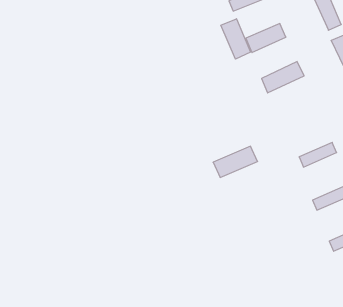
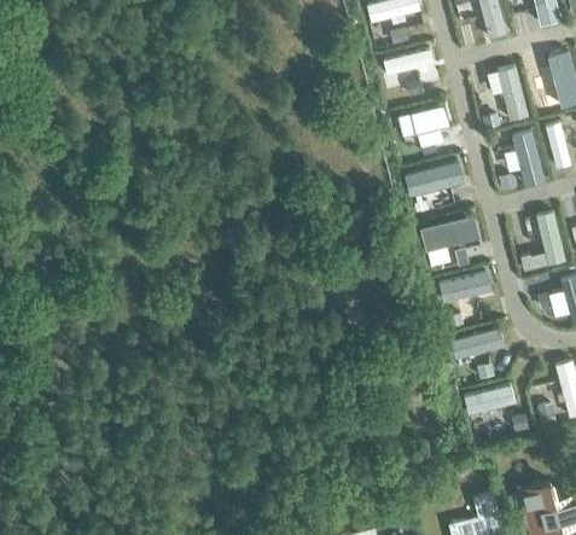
building: [221,19,250,59] -> none
building: [213,146,258,177] -> [421,215,481,250]

